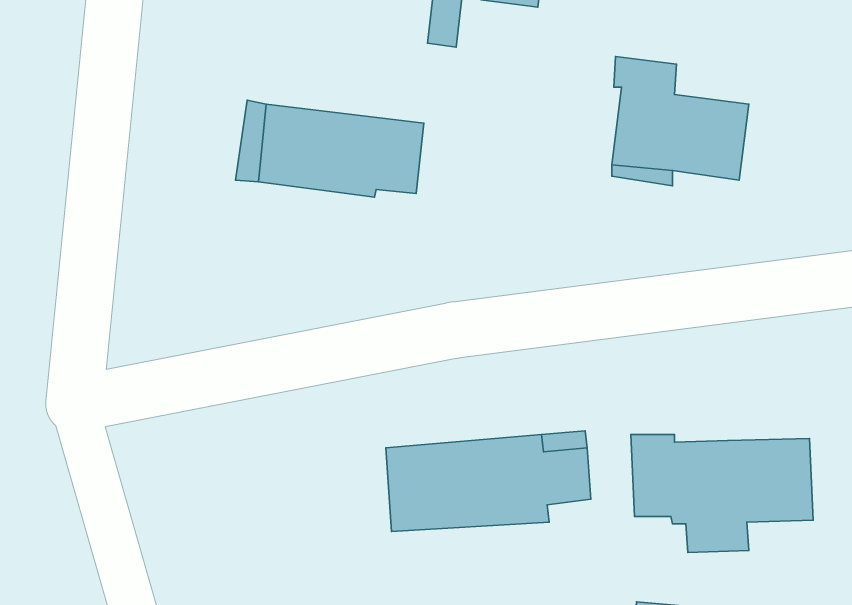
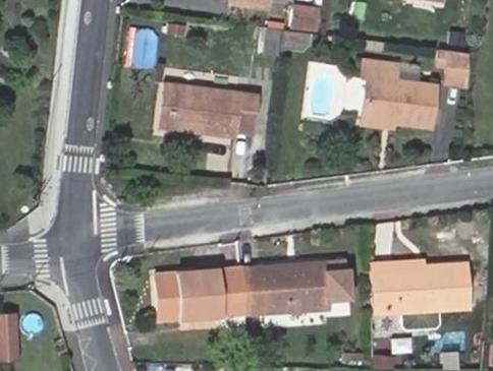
building: none -> [437,49,469,86]
building: none -> [157,269,245,334]

